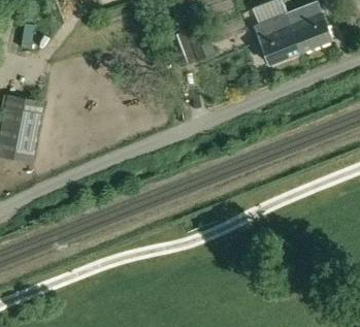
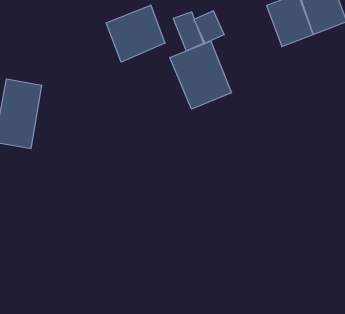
building: none -> [106,5,165,62]
building: none -> [170,41,231,109]

